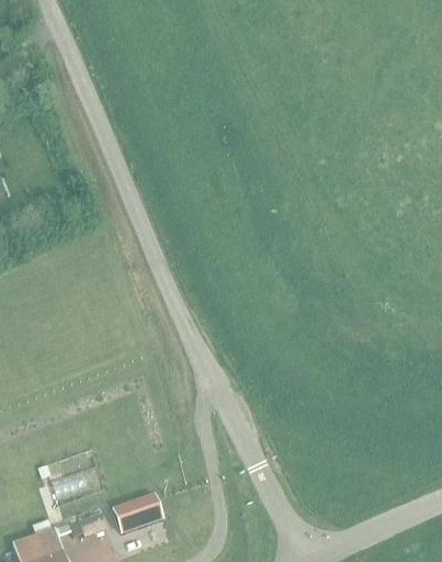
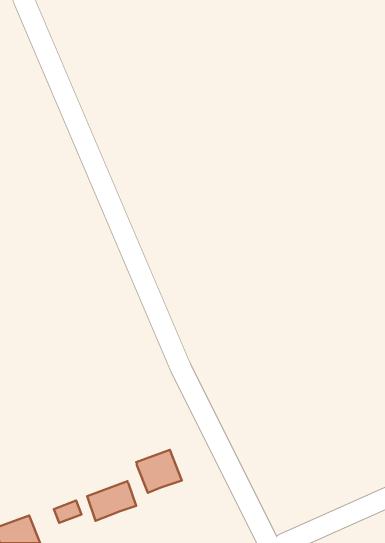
building: none -> [136,450,182,493]

